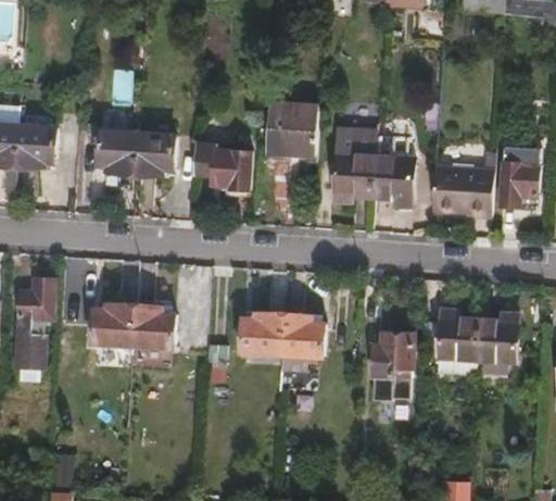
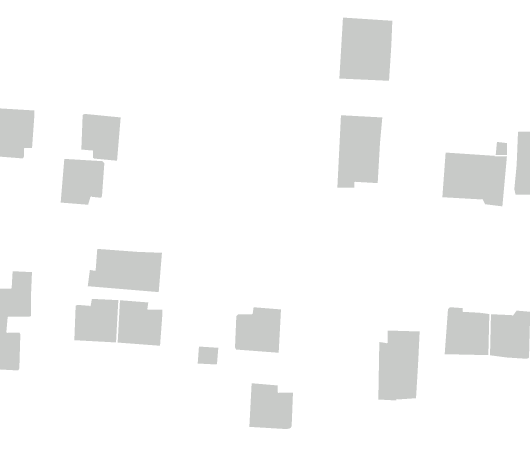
building: [267,96,318,155] -> [339,17,393,81]
building: [131,135,174,178] -> [60,159,105,205]
building: [191,145,245,192] -> none
building: [375,159,415,204] -> none
building: none -> [87,248,162,293]
building: [282,314,325,358] -> [248,383,294,429]

